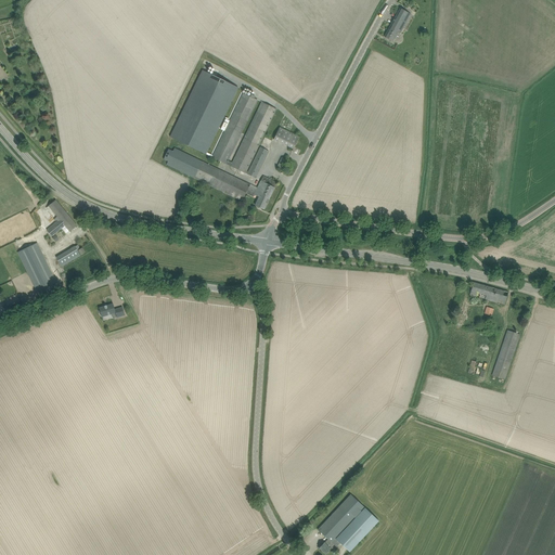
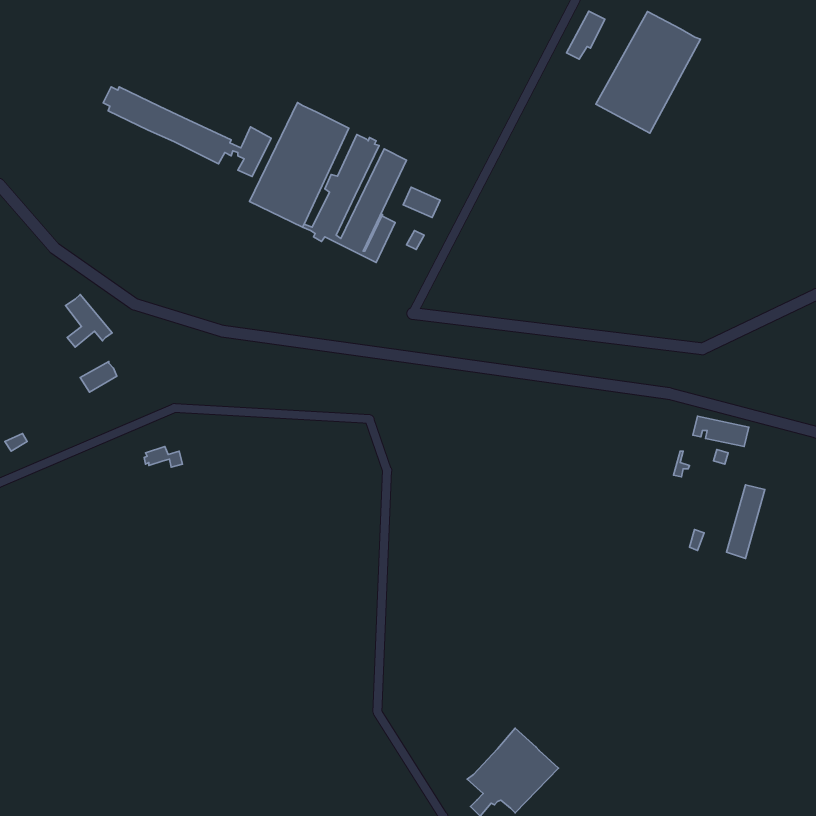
building: none -> [596,11,701,133]
building: [163,147,276,208] -> [103,87,271,177]
building: [17,242,55,291] -> none

